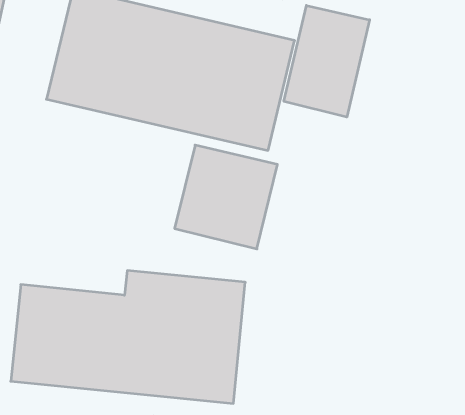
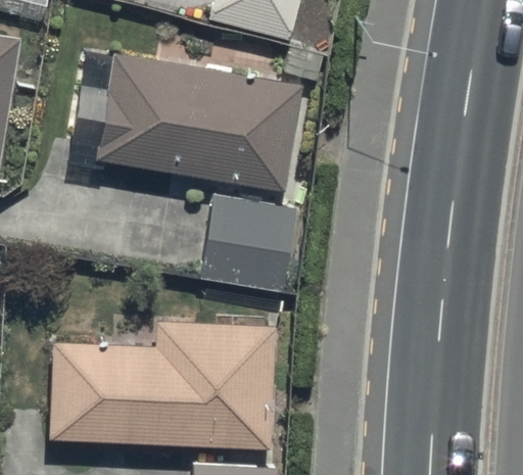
building: [284,5,370,117] -> none

